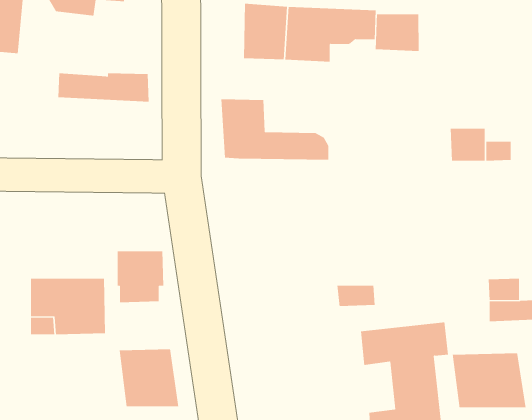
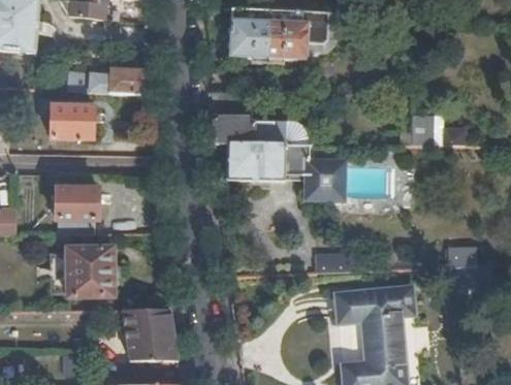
building: [375,13,419,52] -> none
building: none -> [52,103,93,138]
building: none -> [226,142,347,201]
building: [117,251,164,303] -> [57,188,98,233]
building: [452,353,526,408] -> none

